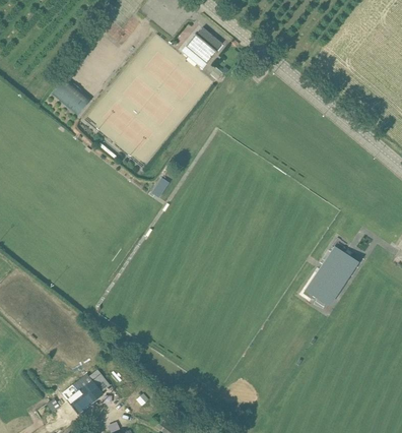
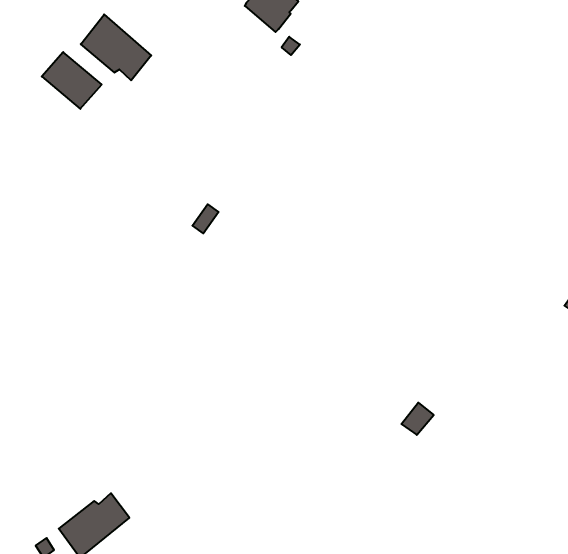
building: none -> [81,14,151,80]
building: [310,249,355,307] -> none

